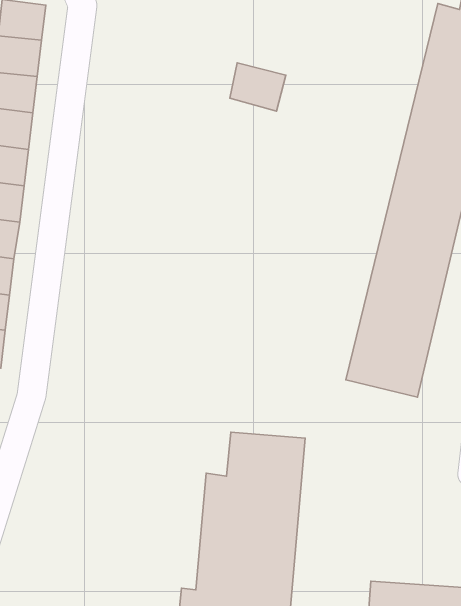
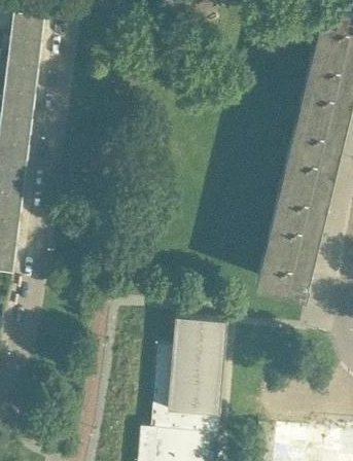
building: [230,63,286,111] -> none

